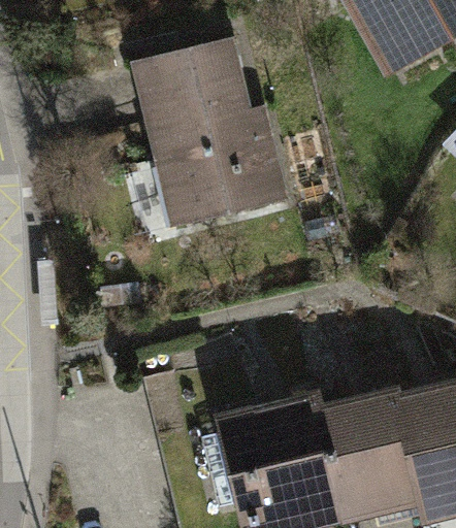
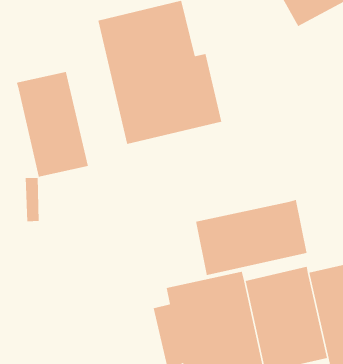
building: none -> [16,71,88,178]
building: none -> [195,199,307,276]

